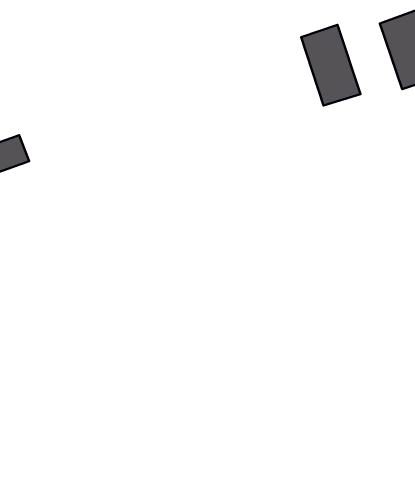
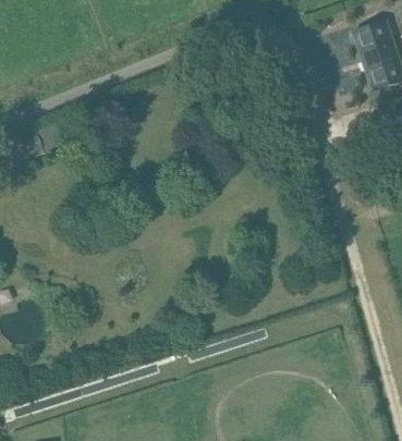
building: [301,25,361,105] -> none

